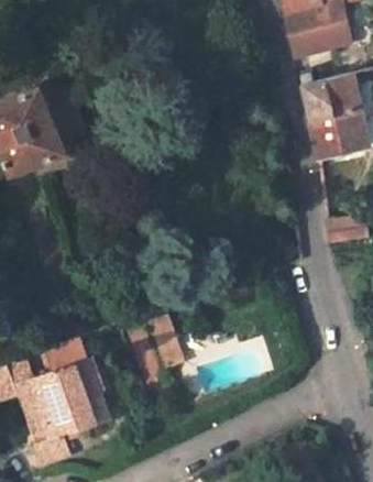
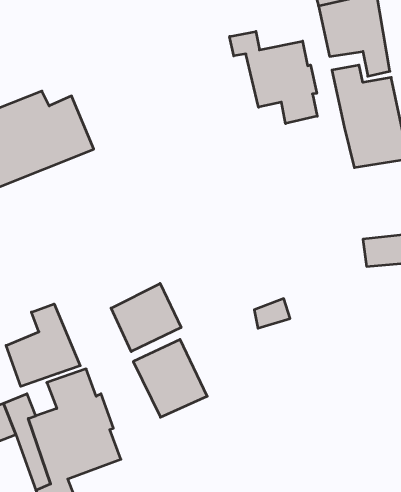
building: none -> [230,31,317,124]
building: none -> [111,283,181,352]
building: none -> [6,304,80,386]

